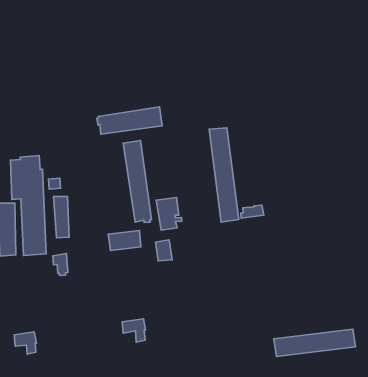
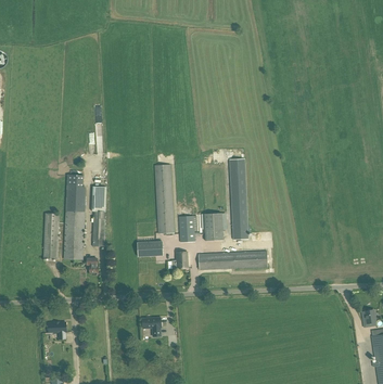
building: [97,107,162,134] -> none
building: none -> [202,213,224,241]
building: [274,329,356,356] -> [199,251,268,269]

